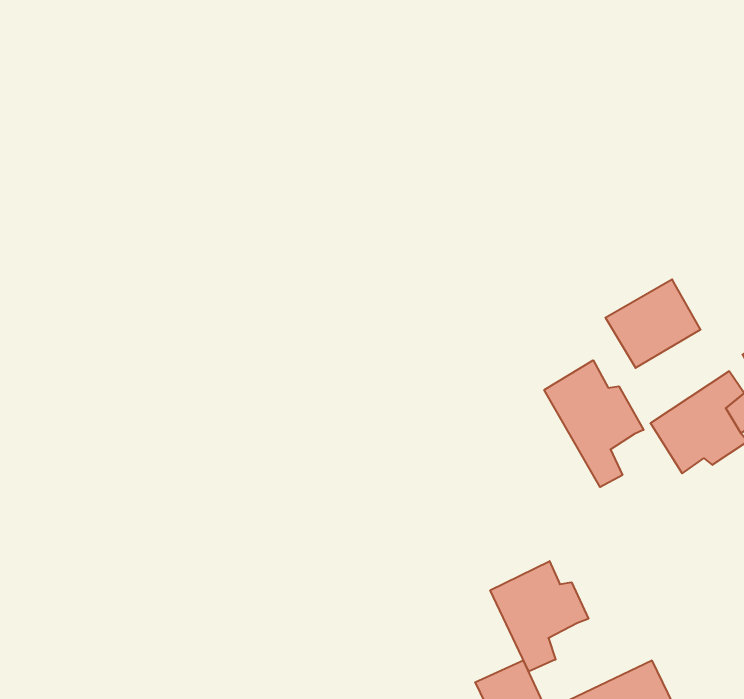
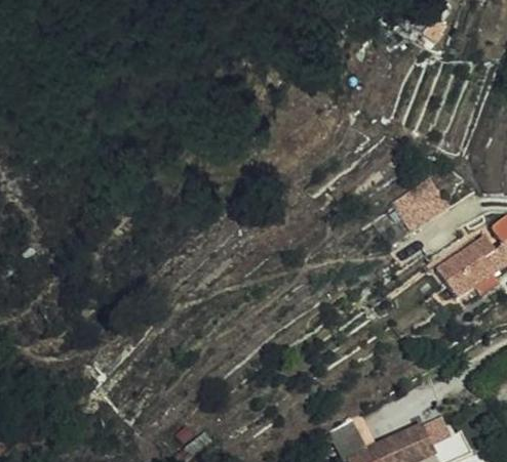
building: [544,360,644,487] -> none
building: [490,561,588,672] -> none

